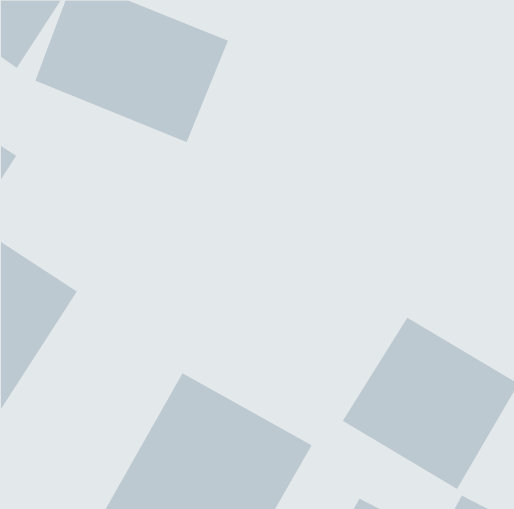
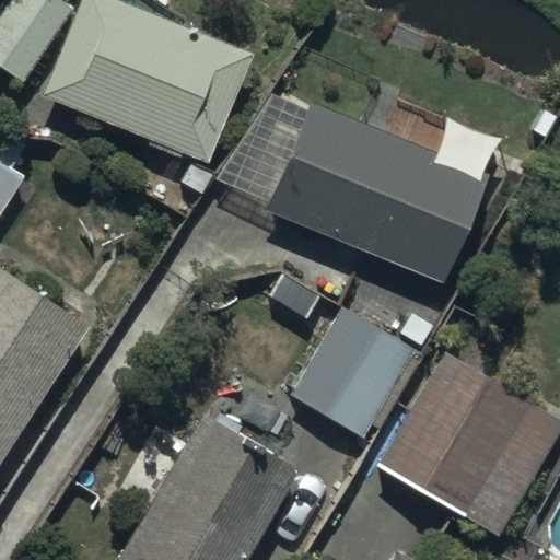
building: none -> [264,101,483,280]
building: none -> [289,306,416,440]

